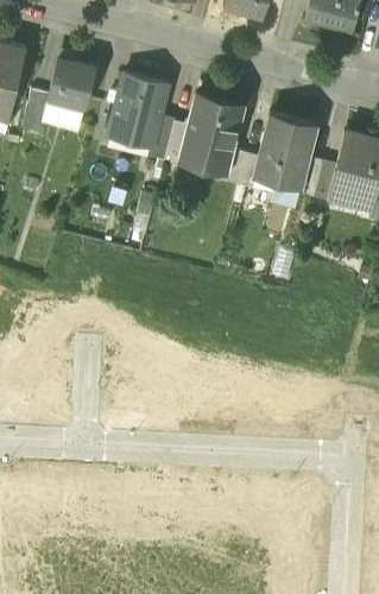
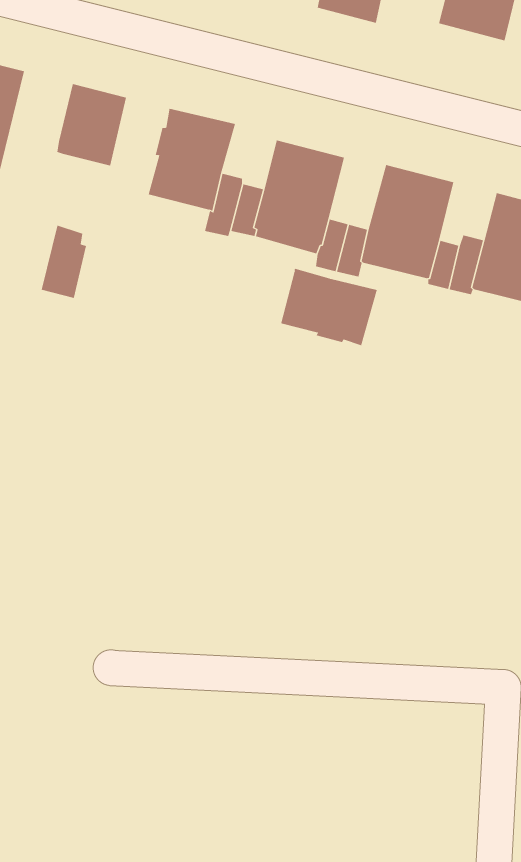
building: [20,91,51,141] -> [41,225,87,299]
building: none -> [280,268,378,346]

